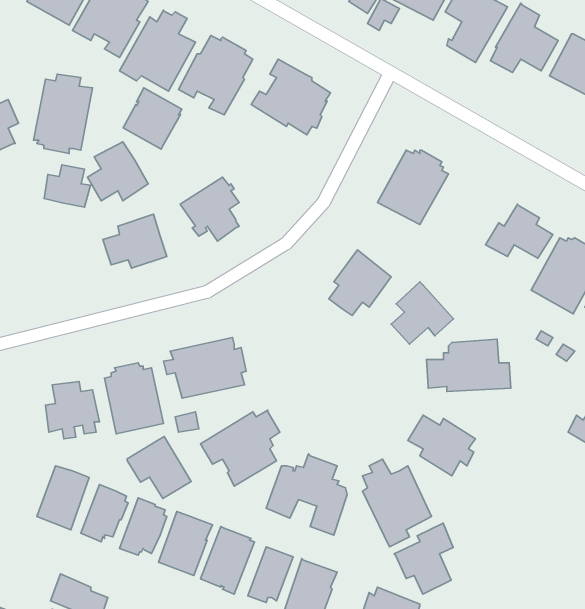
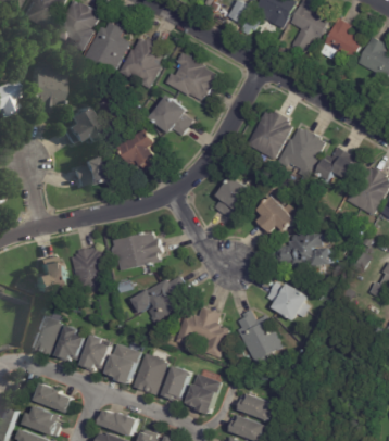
building: [123,88,182,149] -> none
building: none -> [151,94,192,135]
building: [44,165,91,207] -> none
building: none -> [277,127,326,178]
building: [127,437,191,499] -> none
building: [394,523,453,594] -> none

